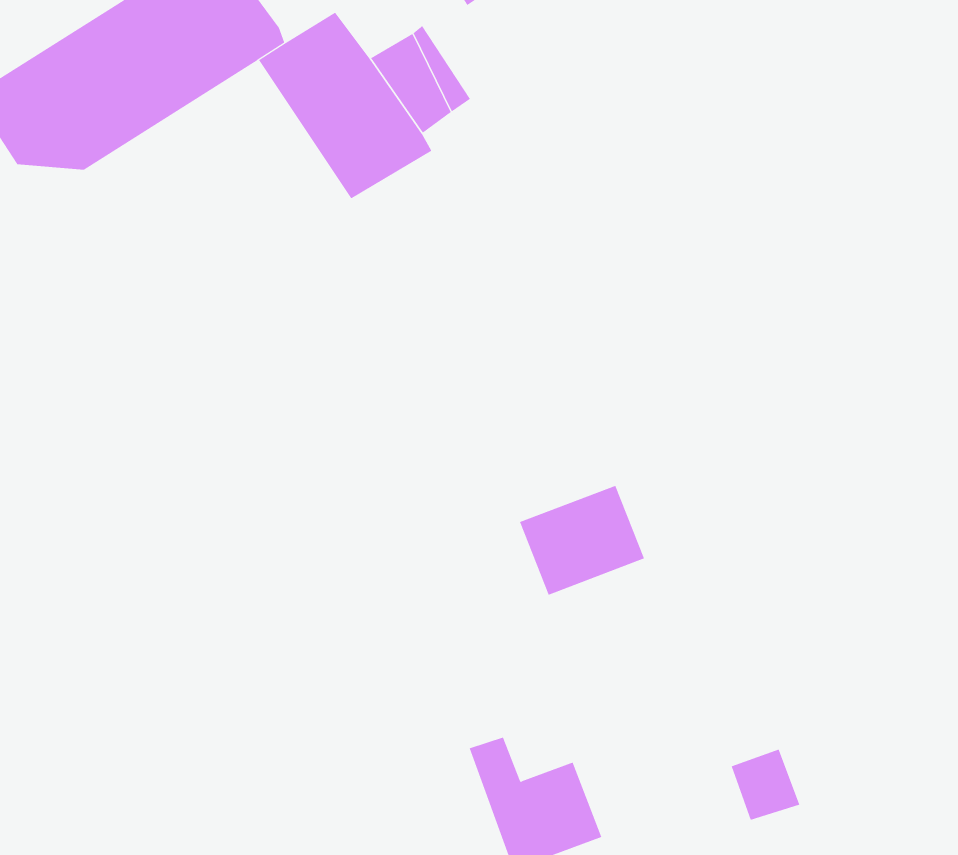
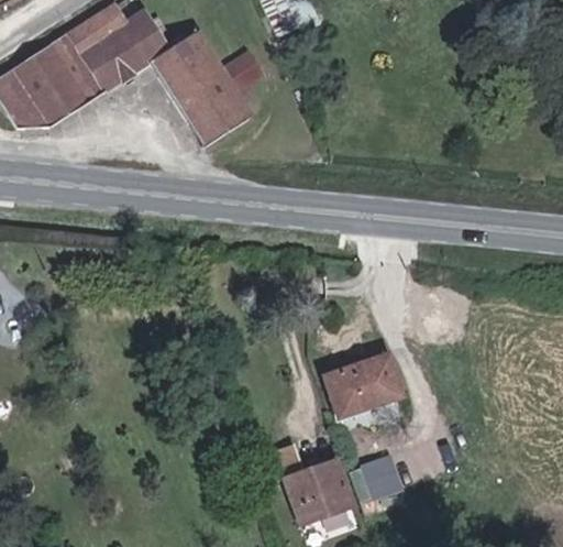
building: [519,485,645,595] -> [325,354,397,417]
building: [731,749,800,820] -> [358,452,398,493]

